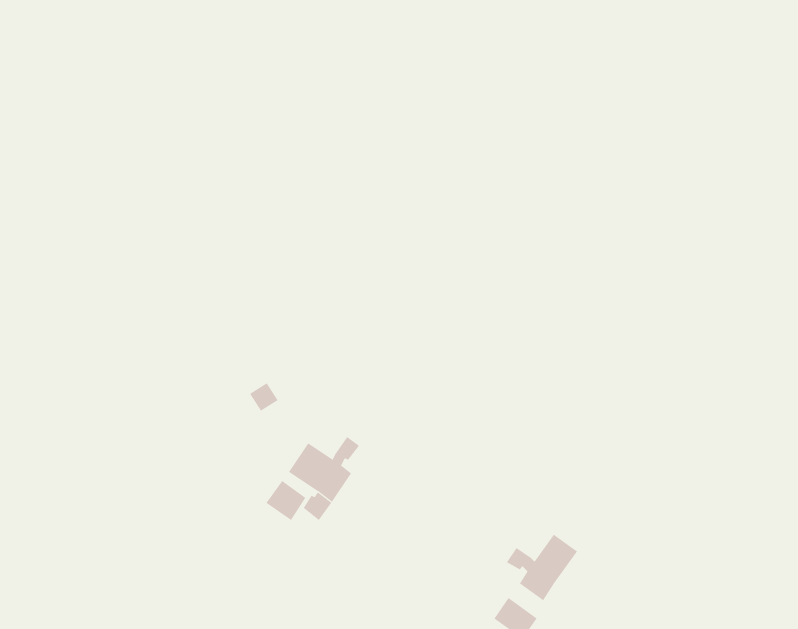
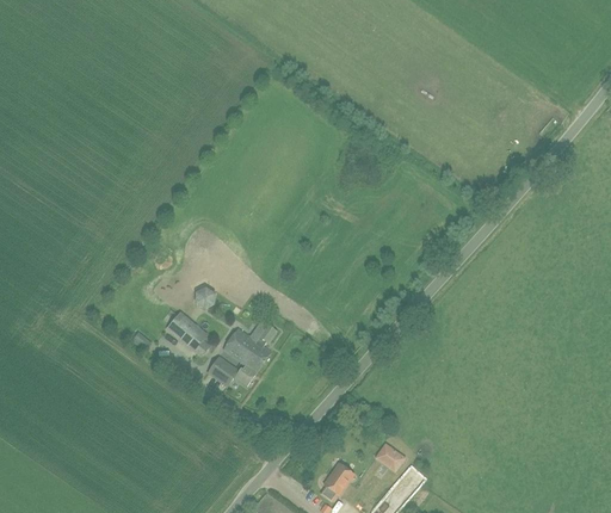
building: none -> [167,311,209,354]
building: [506,534,578,601] -> none

